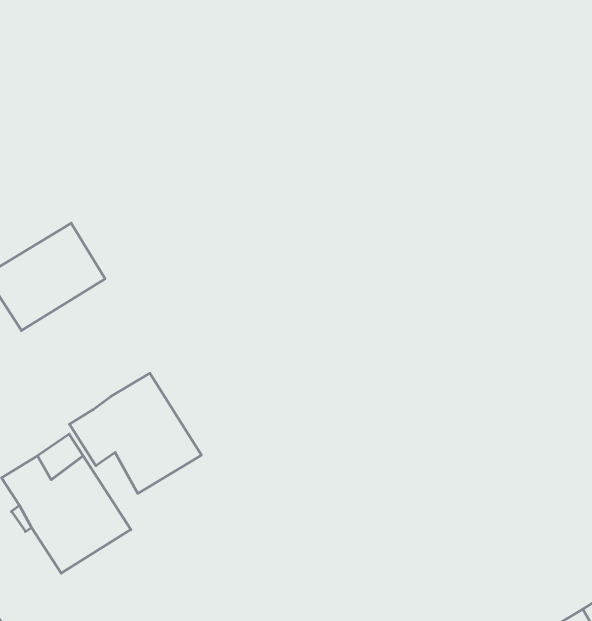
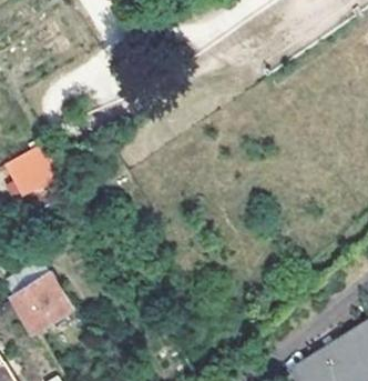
building: [69,373,201,493] -> none

